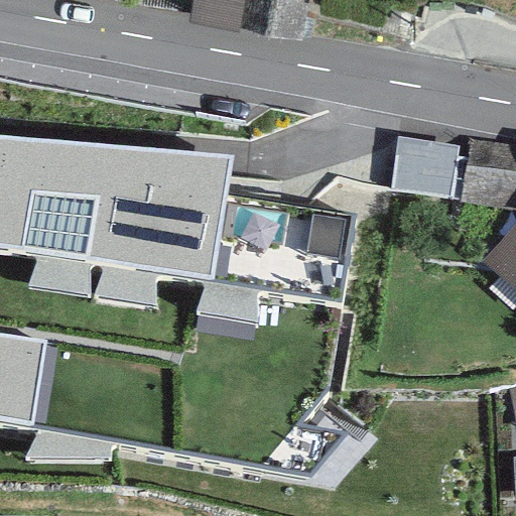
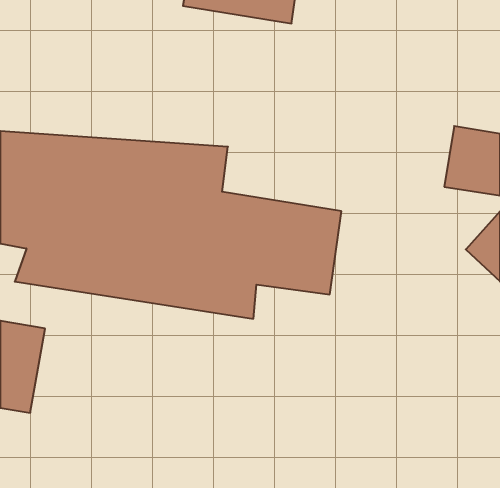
building: [390,131,458,191] -> none

